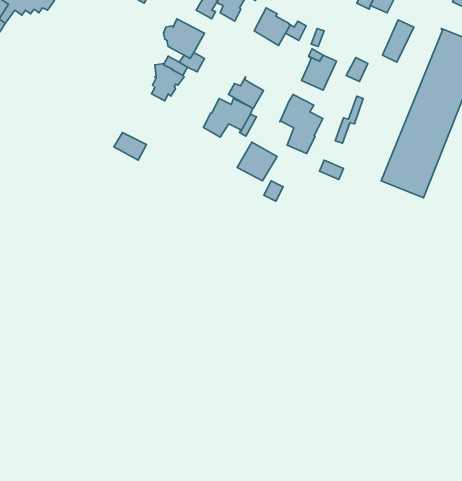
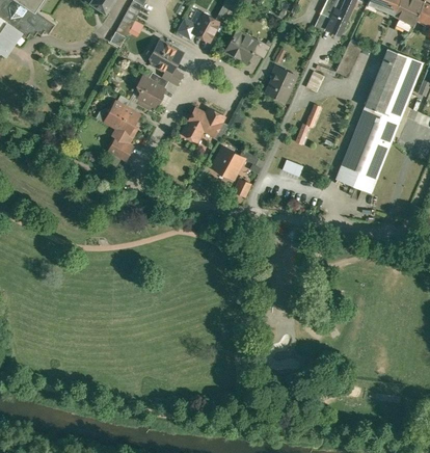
building: [228,77,264,108] -> none
building: none -> [106,100,140,145]
building: [280,94,323,154] -> none

